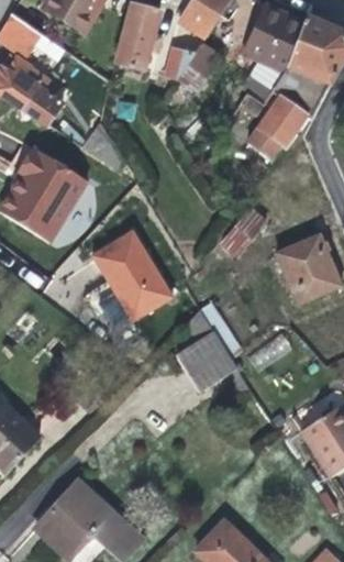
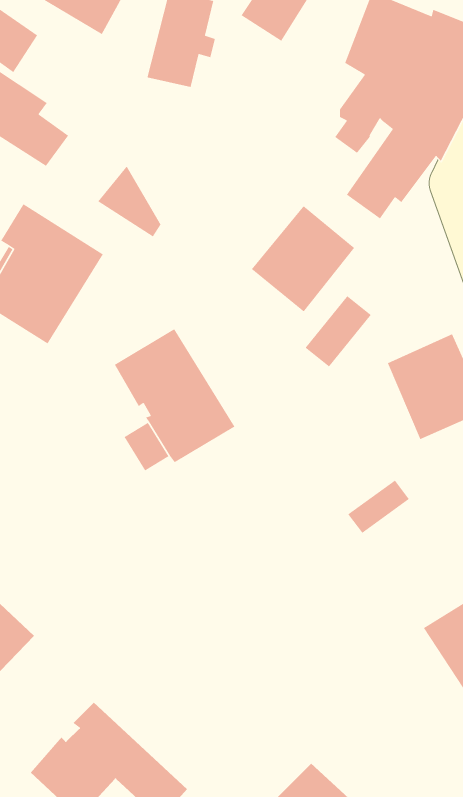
building: [164,43,220,93] -> none
building: none -> [251,205,355,313]
building: [176,310,237,392] -> none

